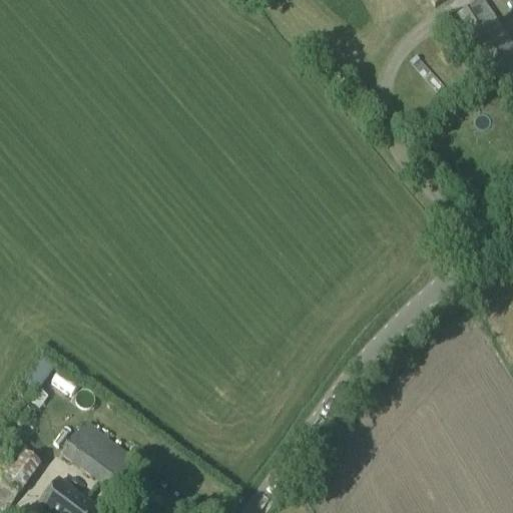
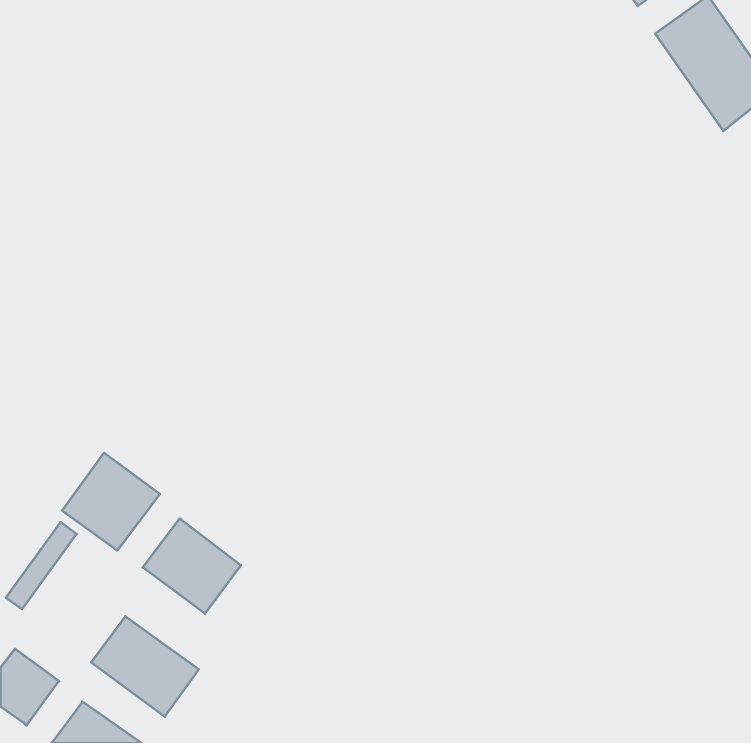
building: none -> [62,453,160,550]
building: none -> [143,519,241,614]

